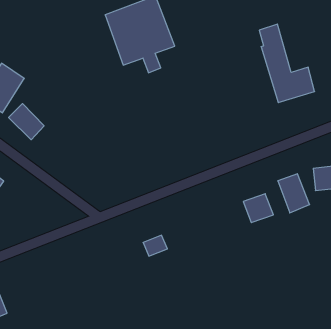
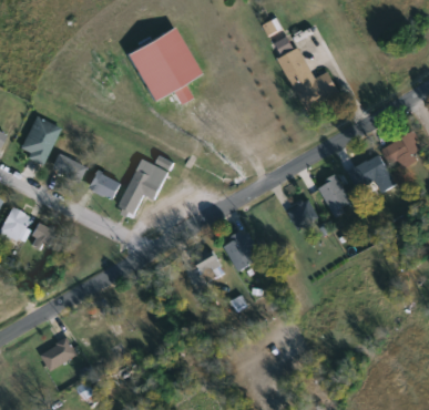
building: none -> [122,158,170,215]
building: none -> [88,170,124,201]
building: none -> [224,230,263,271]

